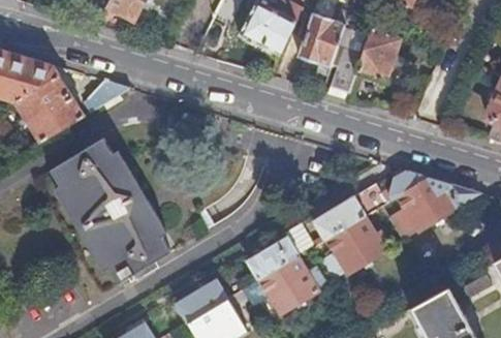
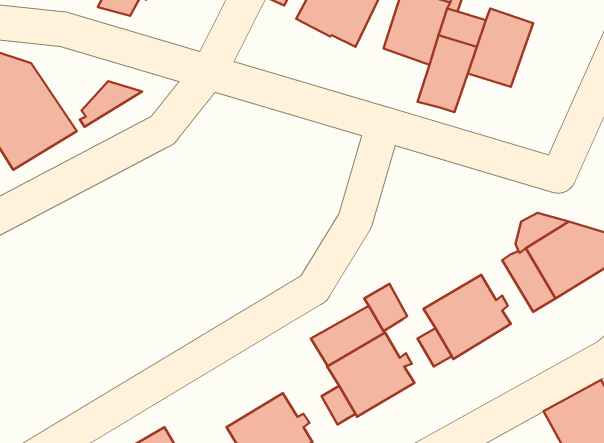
building: [49,136,170,283] -> none
building: [314,182,386,238] -> none
building: [176,277,227,320] -> none

